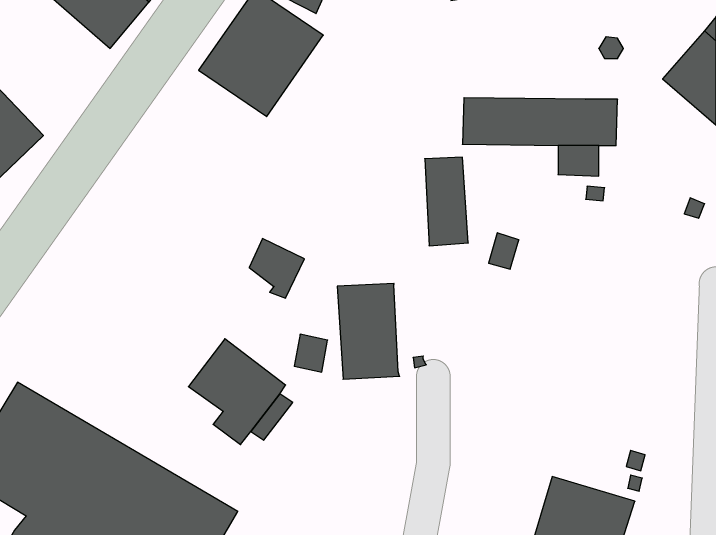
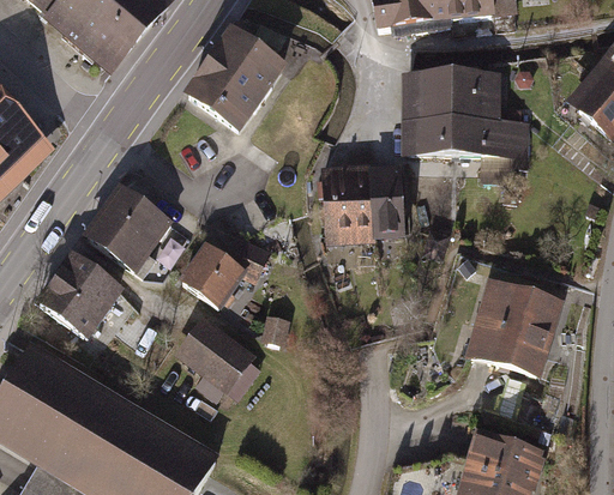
building: none -> [402,70,504,117]
building: none -> [82,181,173,272]
building: none -> [176,243,245,310]
building: none -> [34,252,124,340]
building: [337,283,400,379] -> [323,165,374,245]
building: none -> [469,274,565,378]

